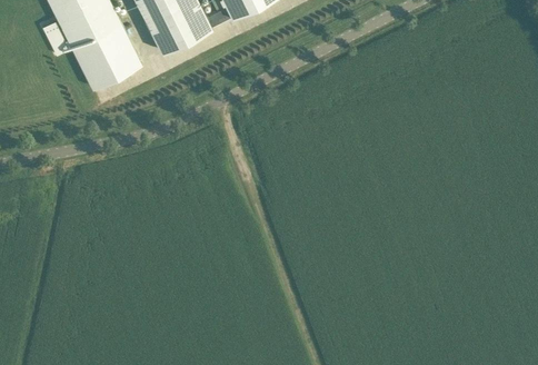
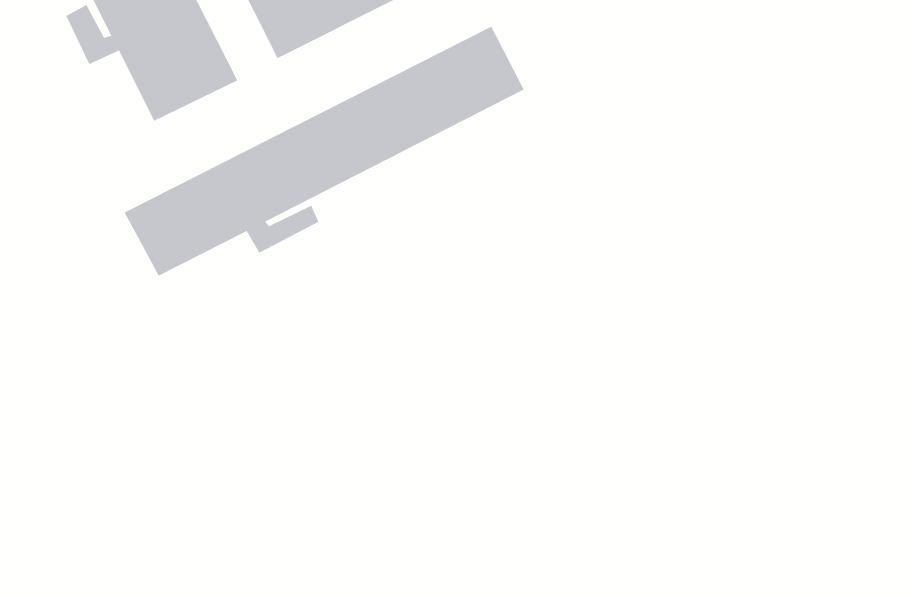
building: none -> [124,26,525,277]

